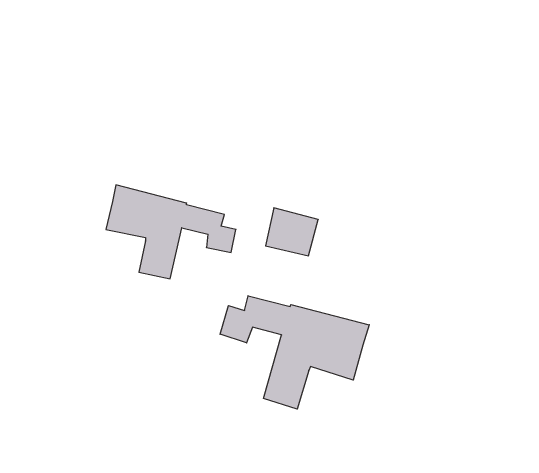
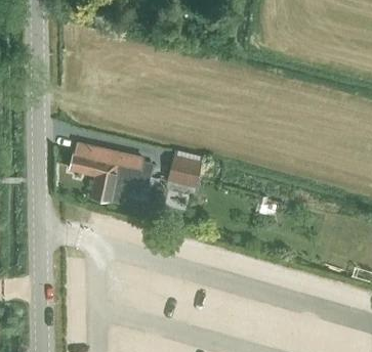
building: [220,296,369,409] -> none

